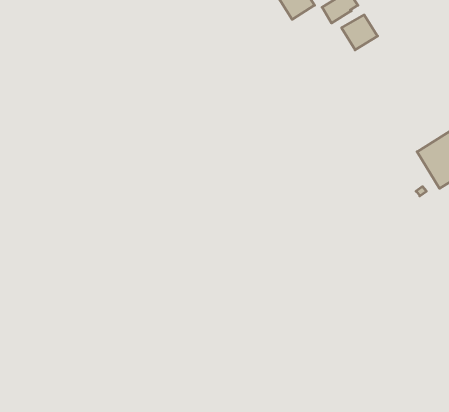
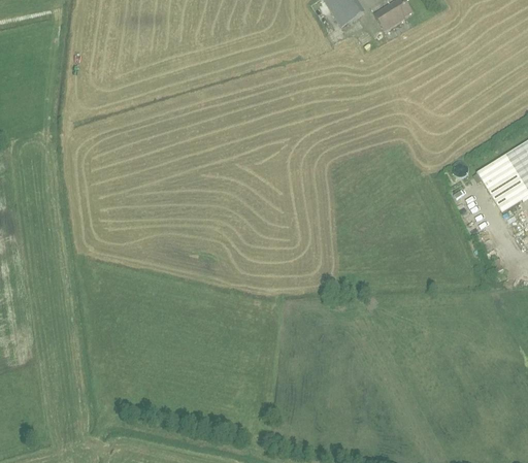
building: [342,15,378,50] -> none

